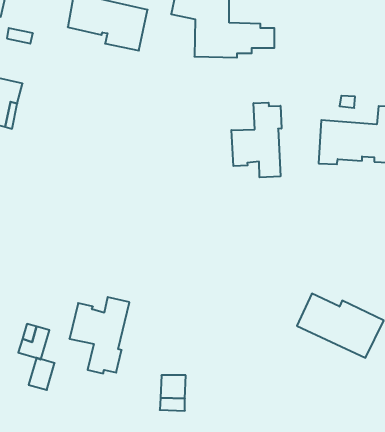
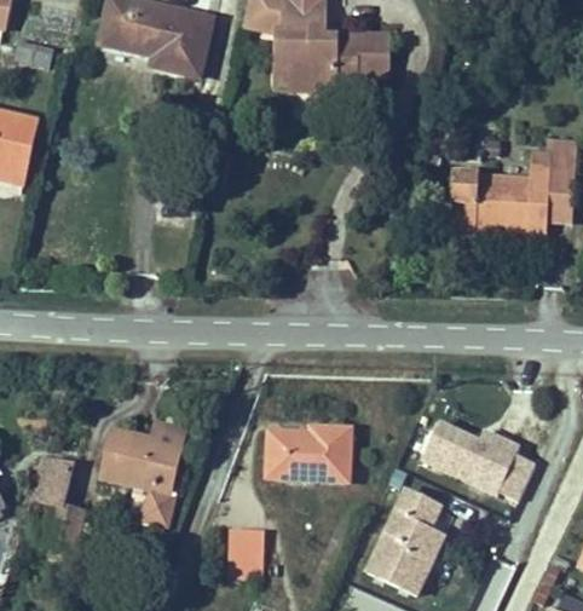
building: [231,103,281,177] -> none
building: none -> [267,426,351,480]
building: none -> [369,490,443,592]

